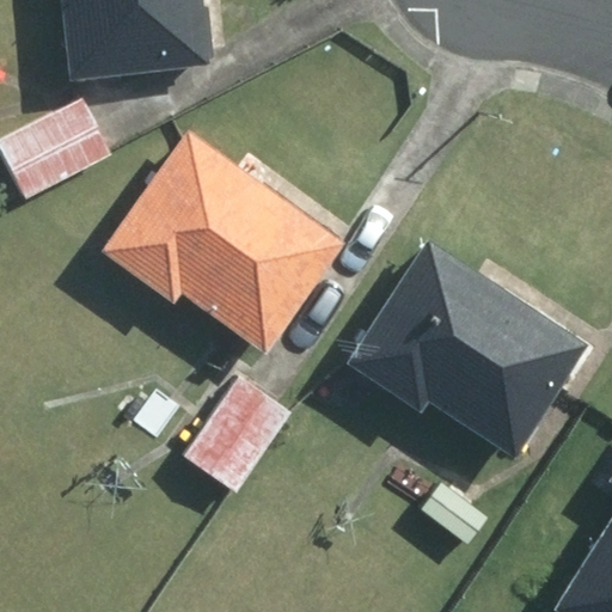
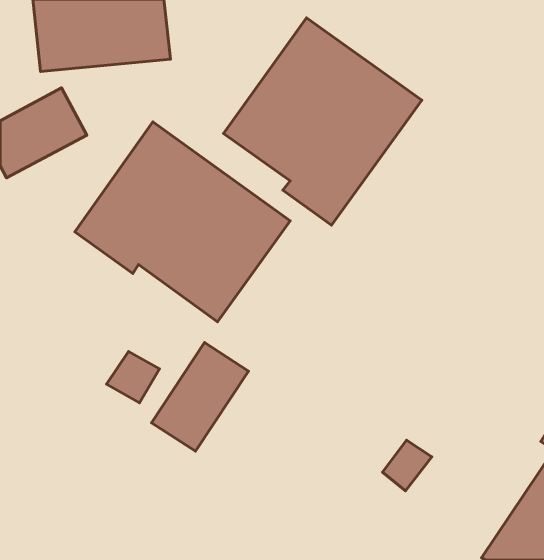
building: none -> [224,18,422,225]
building: [342,245,576,461] -> none

